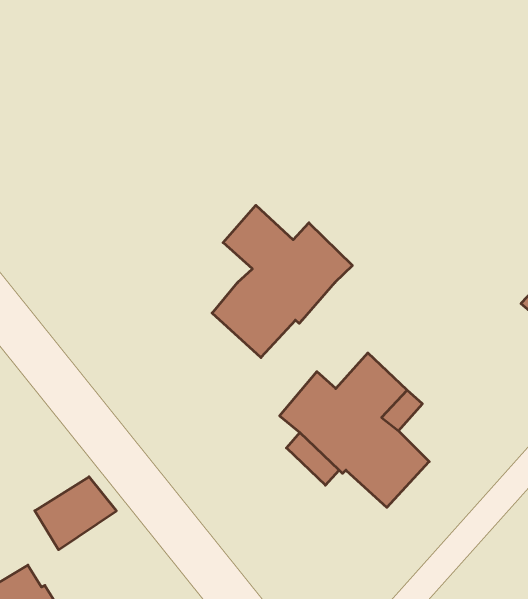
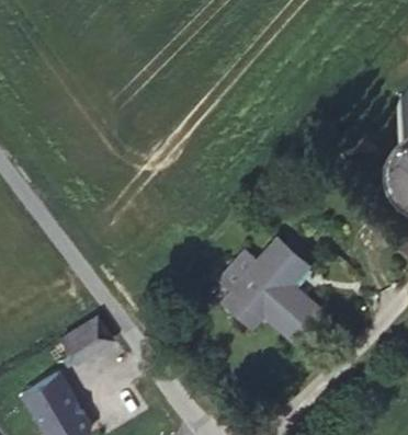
building: [212,205,352,358] -> none

